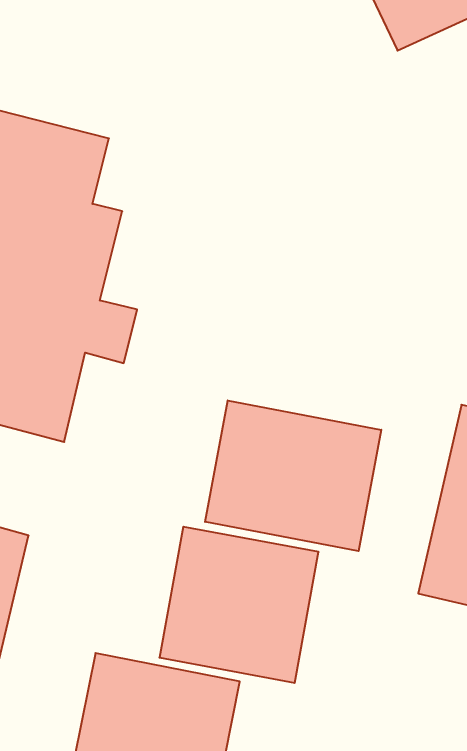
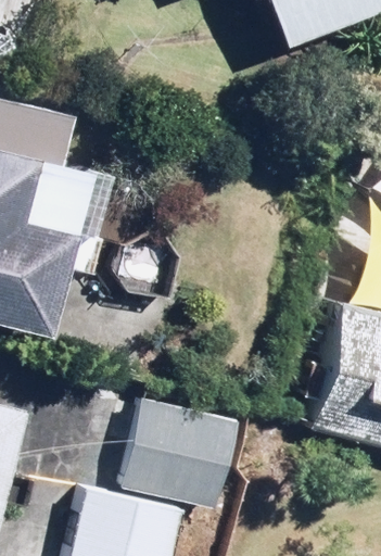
building: [205,400,381,551] -> none

